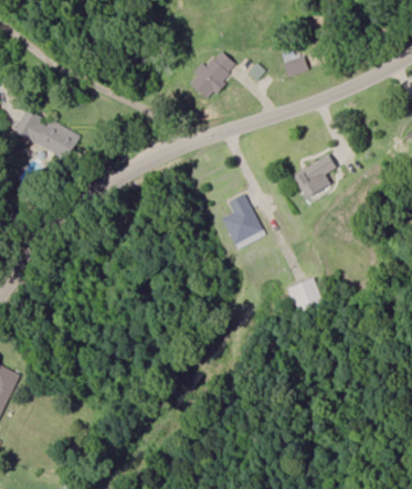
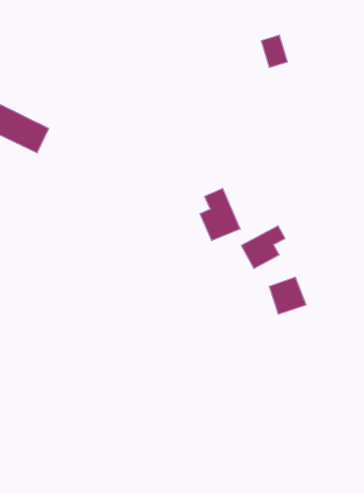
building: [188,52,236,100] -> none
building: [294,156,336,196] -> [241,226,285,269]

